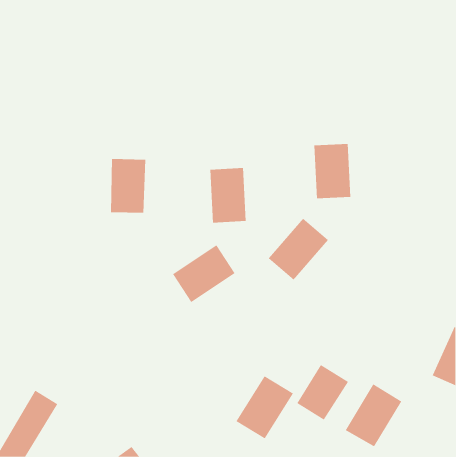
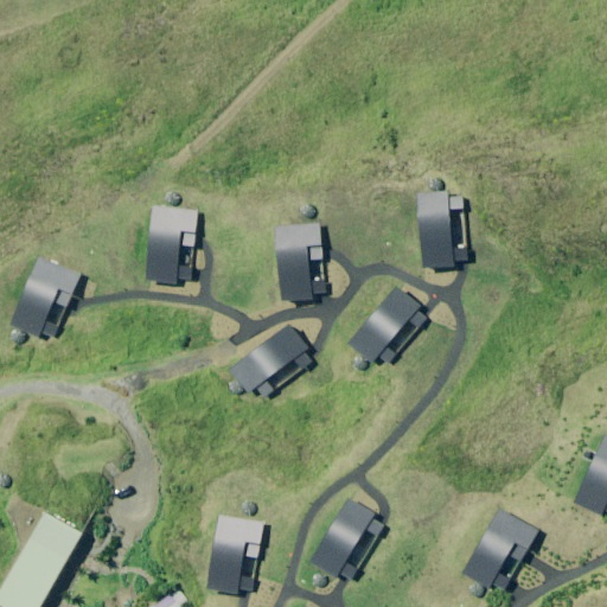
building: none -> [15,258,85,343]
building: [297,364,349,421] -> none
building: none -> [206,515,262,592]

